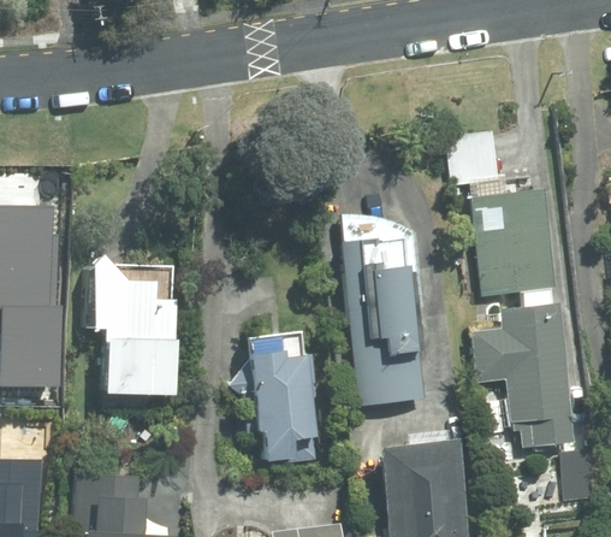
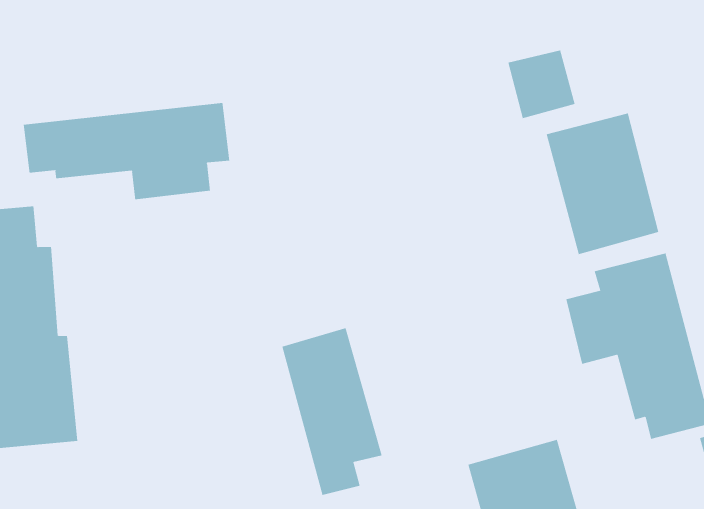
building: none -> [23,102,230,200]
building: [336,232,427,405] -> none
building: [83,262,177,396] -> none

